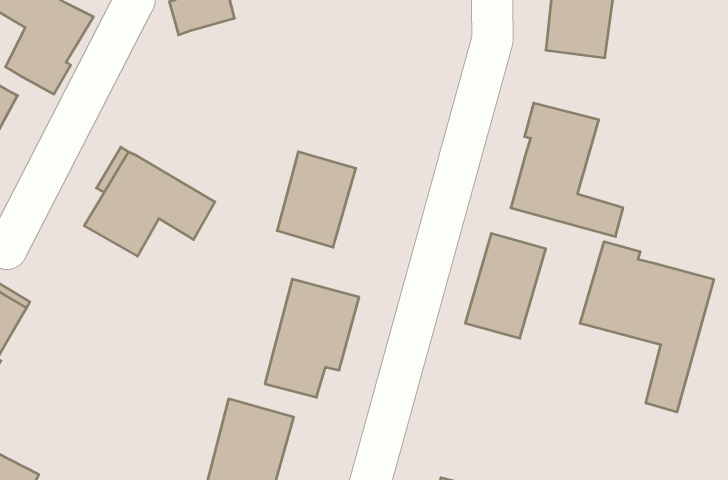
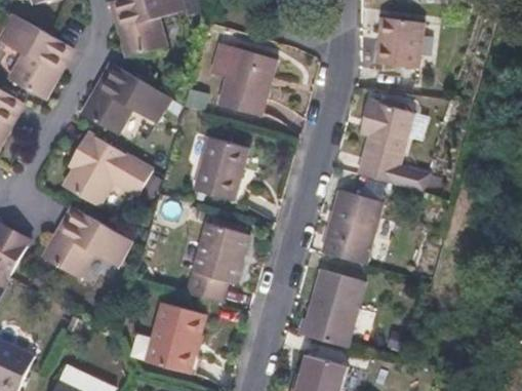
building: none -> [218,46,277,115]
building: none -> [84,65,172,133]
building: [580,242,714,412] -> none
building: none -> [45,207,134,277]
building: none -> [299,270,353,345]

